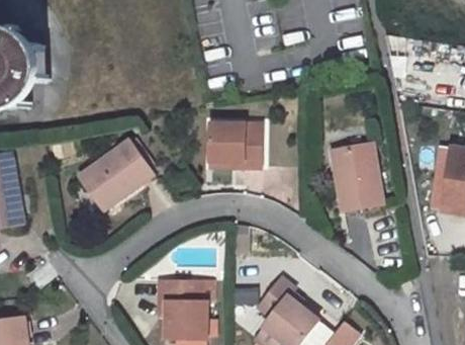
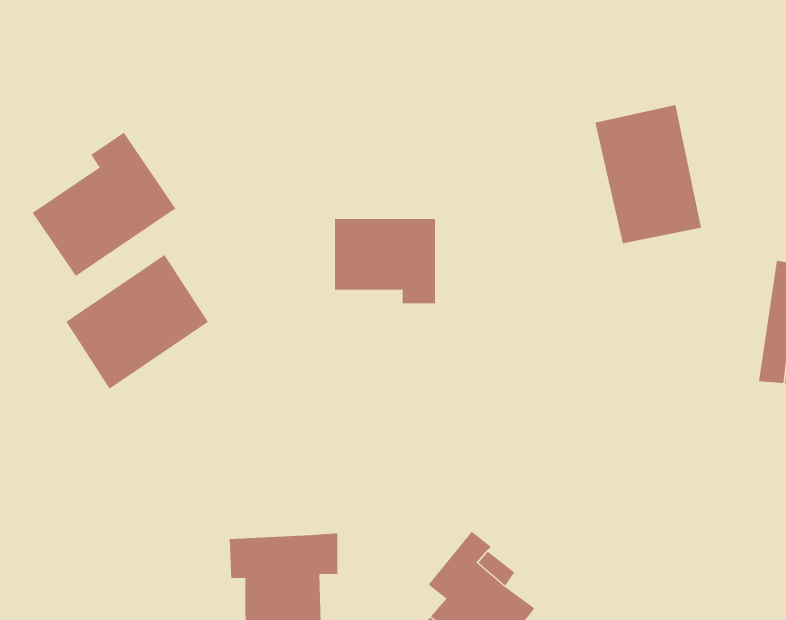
building: none -> [32,132,176,277]
building: [329,144,383,214] -> [594,104,702,244]

